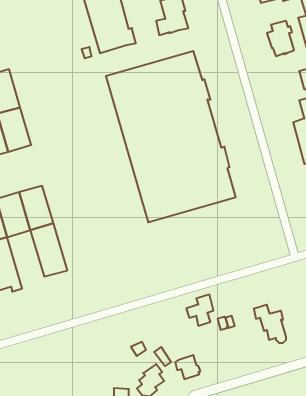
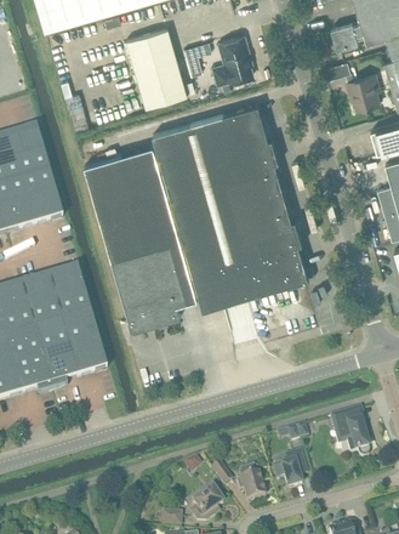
building: none -> [82,153,196,330]
building: none -> [33,320,78,391]
building: [186,295,213,326] -> [272,450,304,488]

